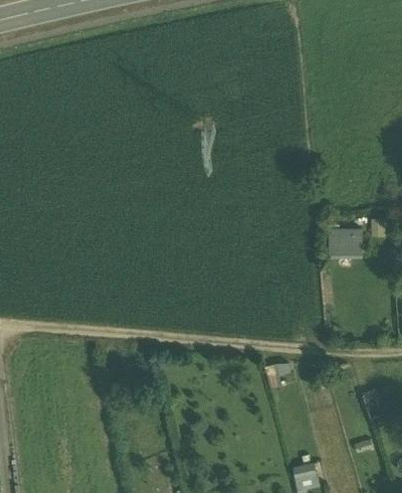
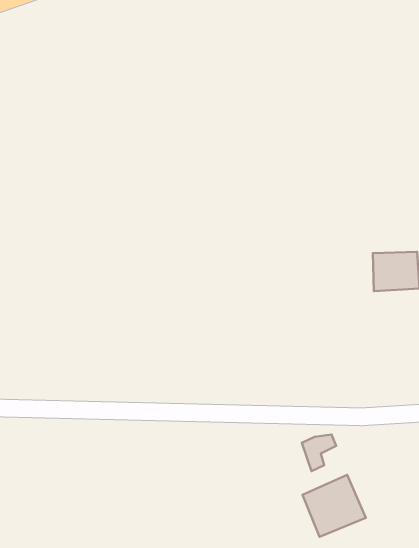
building: none -> [302,475,366,537]

